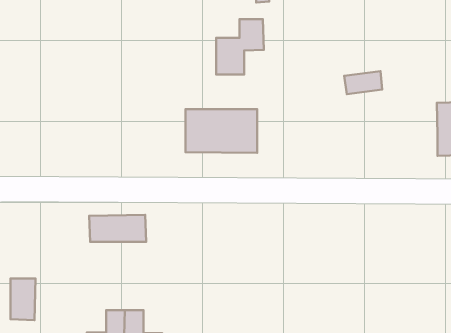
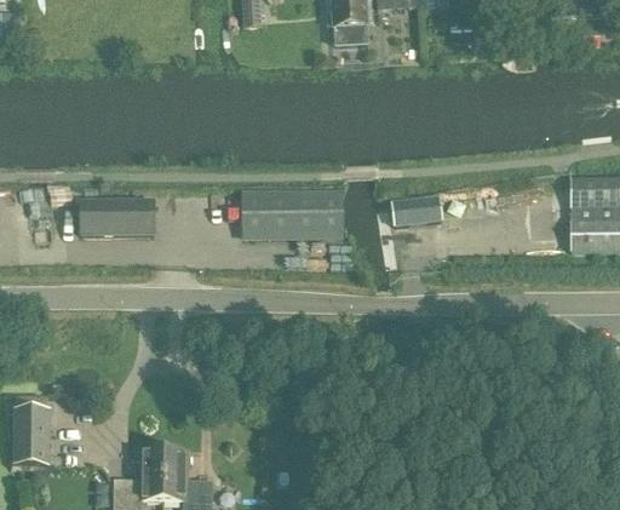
building: [216,19,264,74] -> none
building: [344,71,382,94] -> [391,194,441,224]
building: [89,215,146,242] -> [80,197,154,233]

